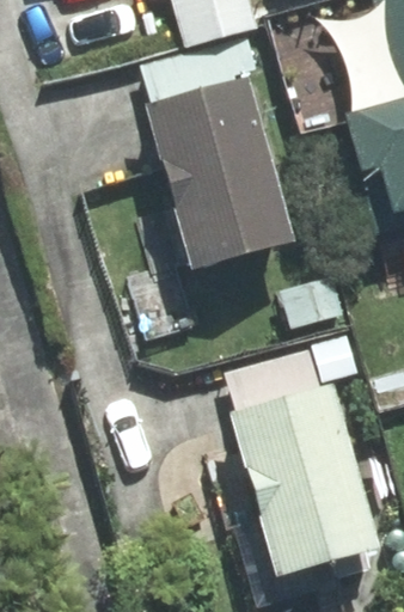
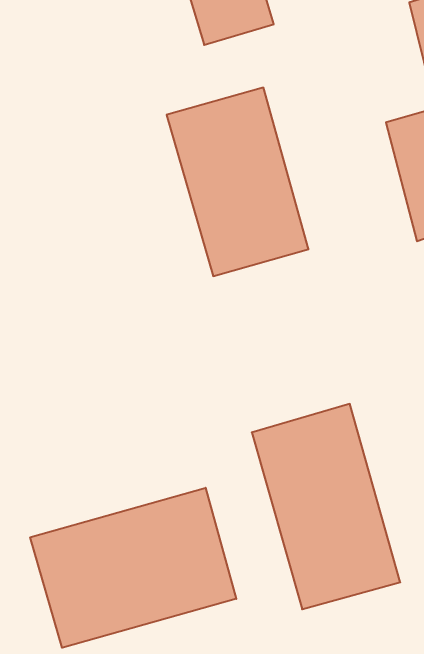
building: none -> [30,488,236,648]

